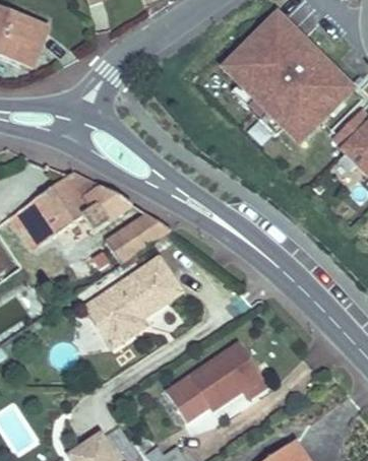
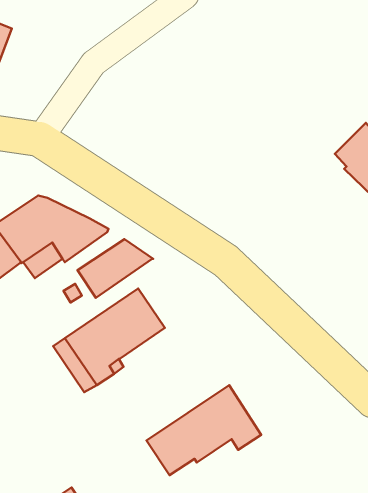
building: [225,15,355,145] -> none

